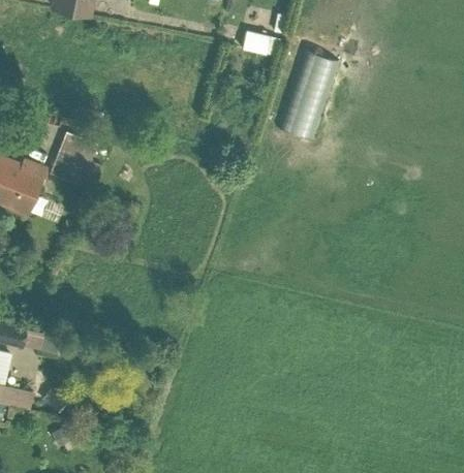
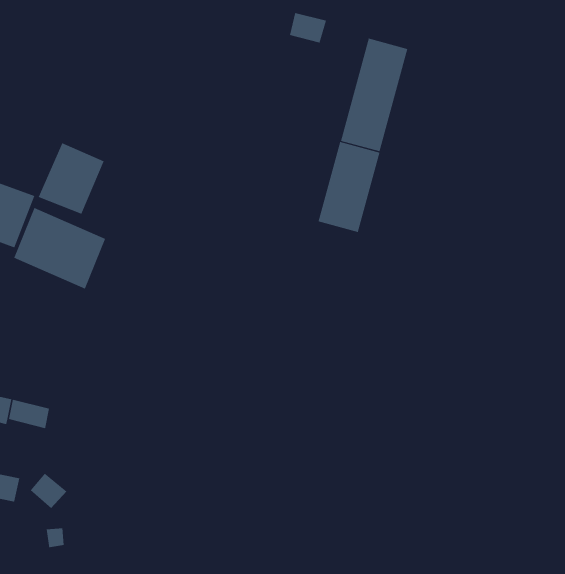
building: none -> [318,141,380,233]
building: none -> [13,207,106,289]

